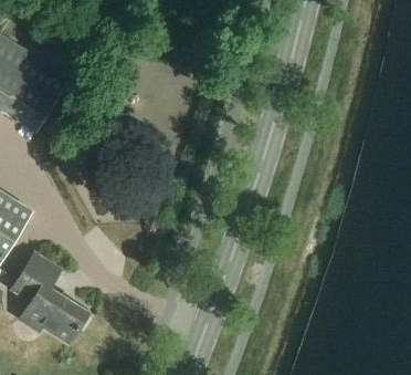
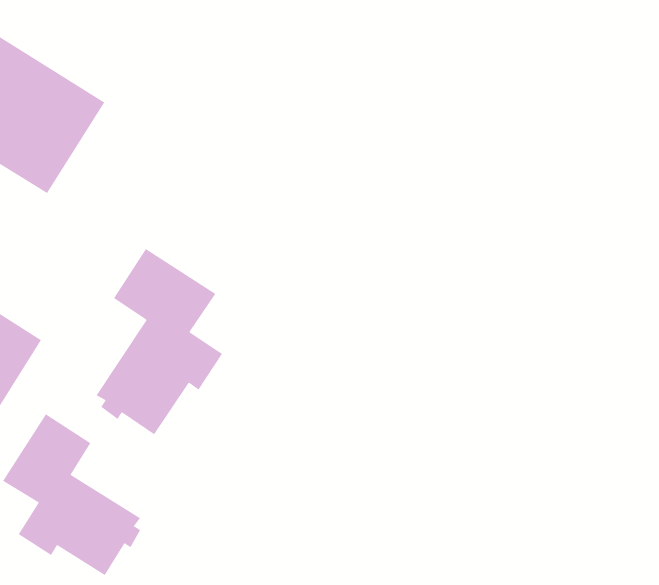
building: none -> [96,248,223,435]

